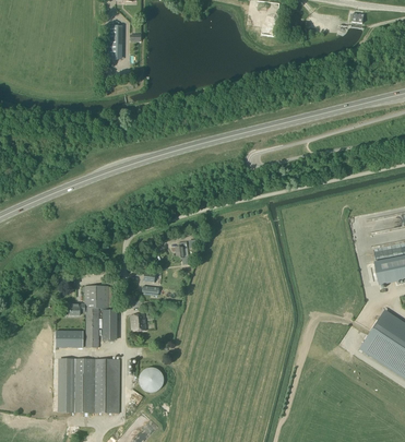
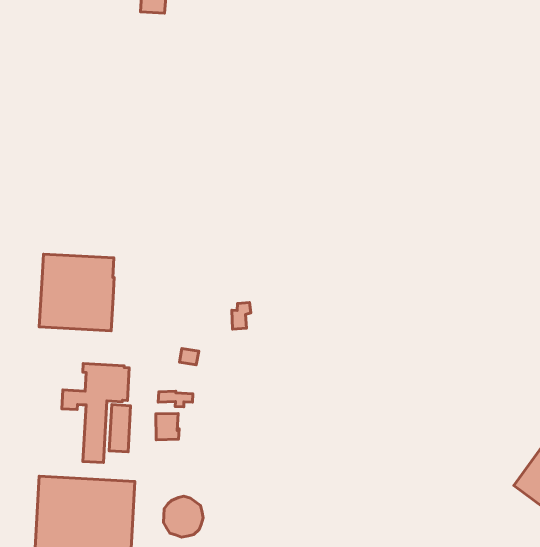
building: none -> [39,254,114,331]
building: [57,331,84,347] -> none

